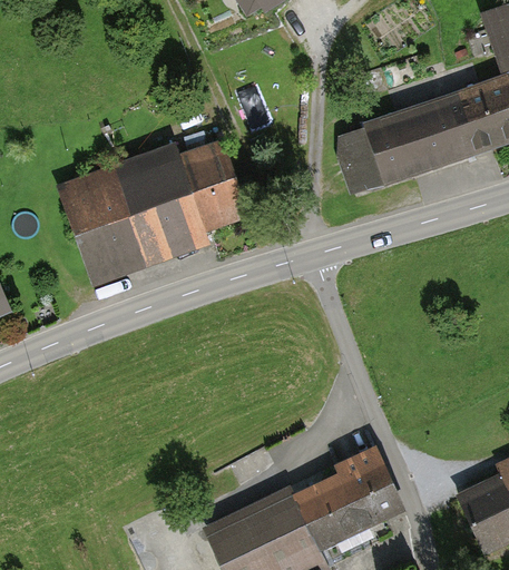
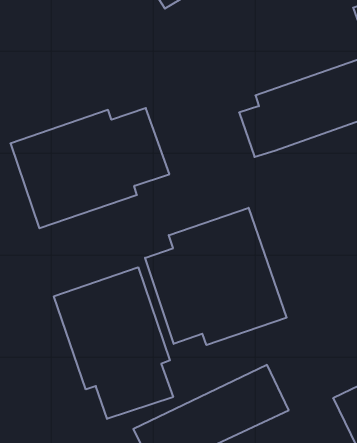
building: none -> [145,208,287,345]
building: none -> [54,267,173,419]

